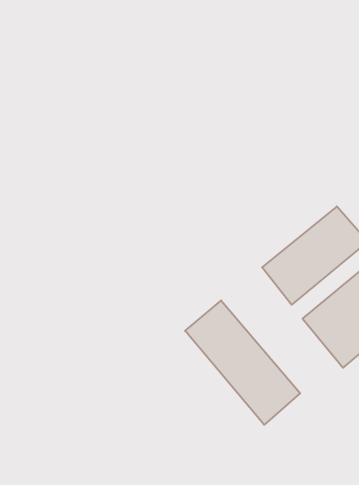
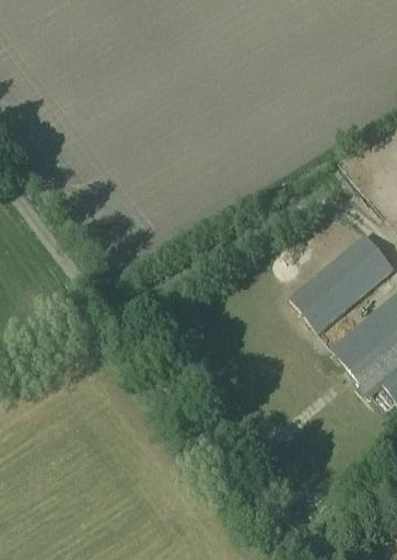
building: [185,300,300,425] -> none

